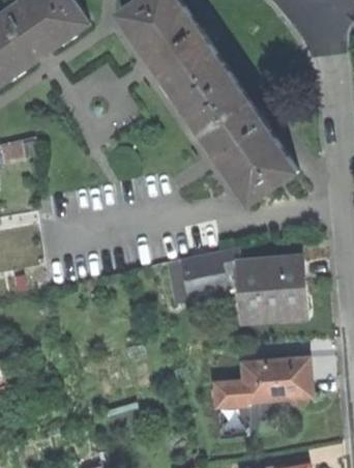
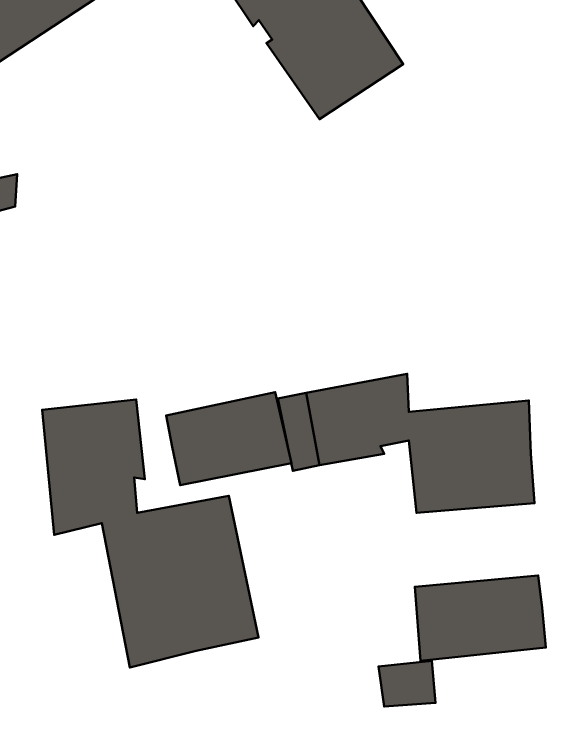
building: [187,80,297,203] -> none
building: none -> [166,392,291,485]
building: none -> [42,399,259,668]

